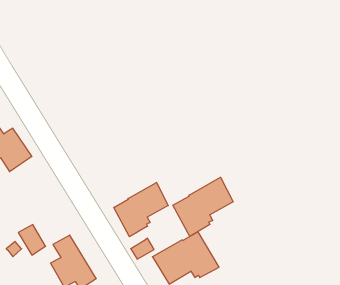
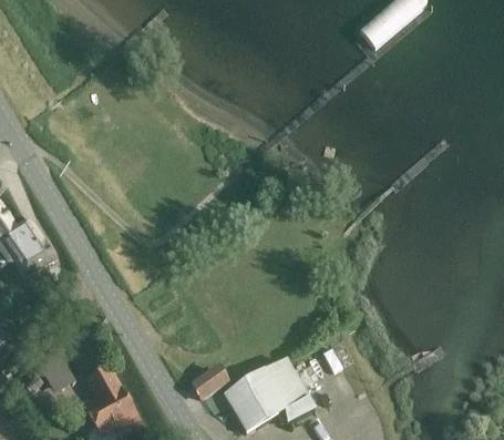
building: [173,177,233,236] -> none
building: [114,182,168,237] -> none

